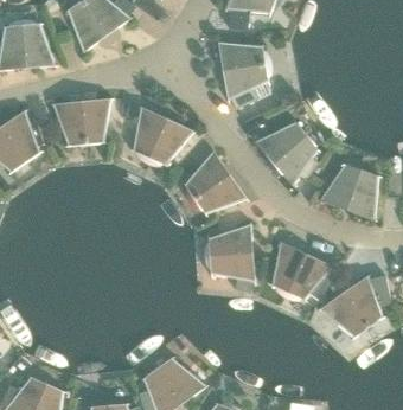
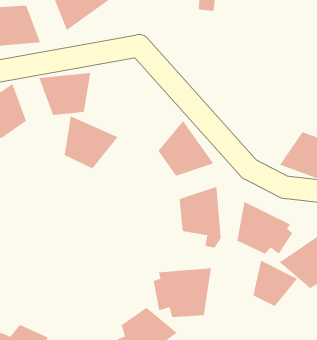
building: [217,43,268,109] -> none
building: [133,107,193,166] -> [64,116,118,169]
building: [255,122,320,186] -> none
building: none -> [253,260,298,307]
building: none -> [153,267,211,318]

